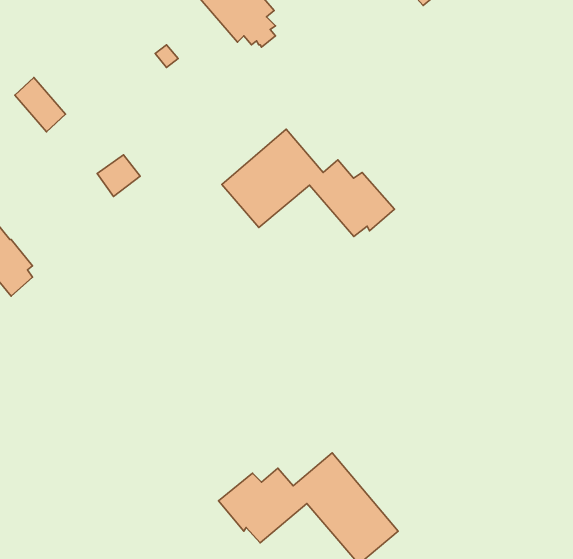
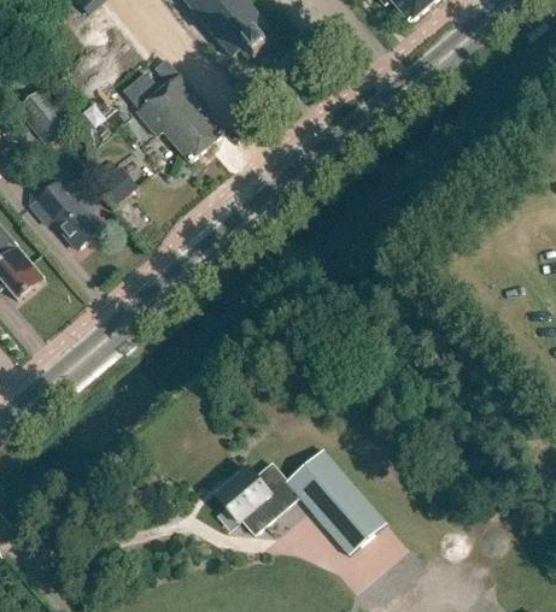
building: none -> [122,71,222,161]
building: [222,129,394,237] -> none
building: none -> [29,161,99,247]

